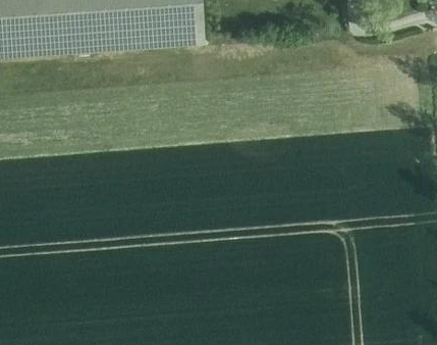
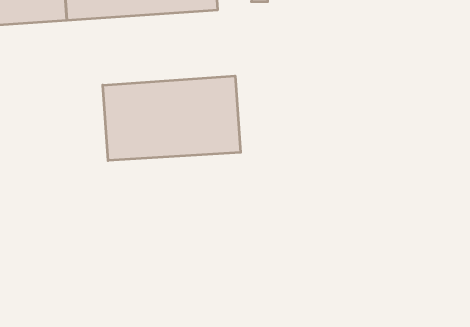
building: none -> [103,76,241,161]

